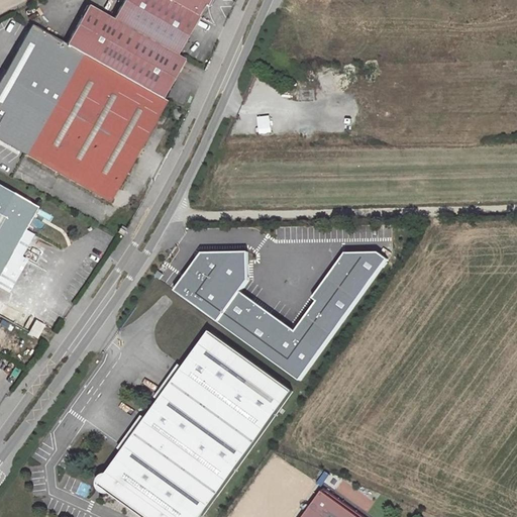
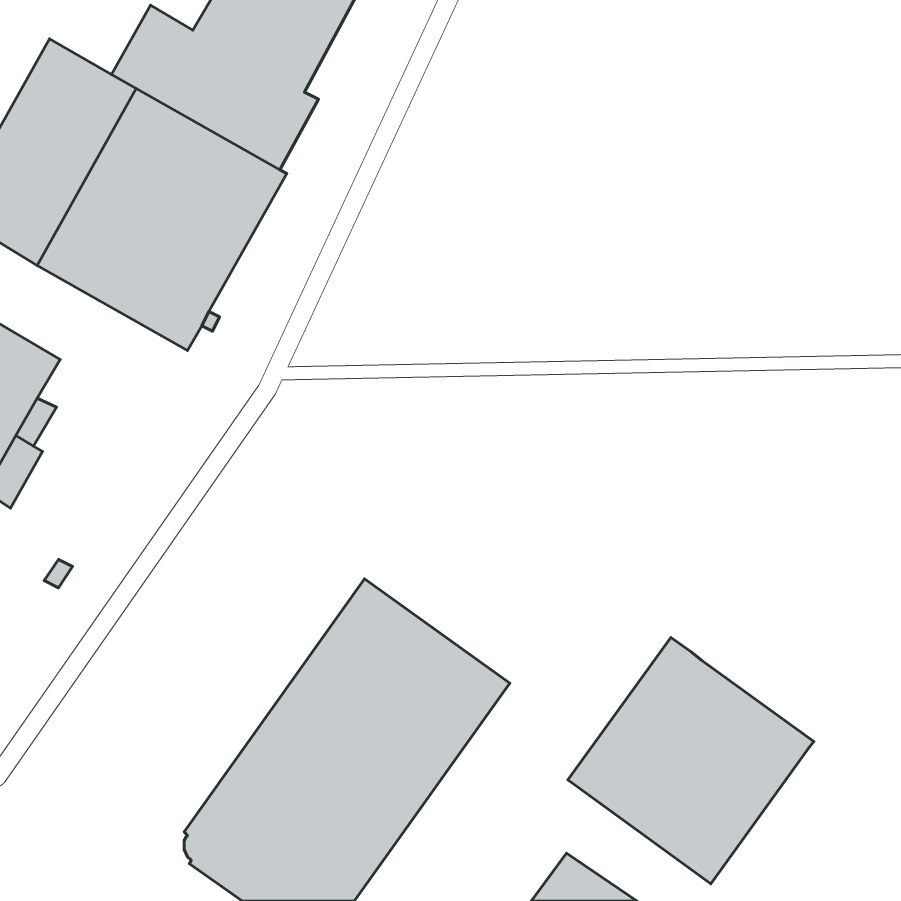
building: [175,252,385,381] -> none
building: none -> [568,637,814,884]

